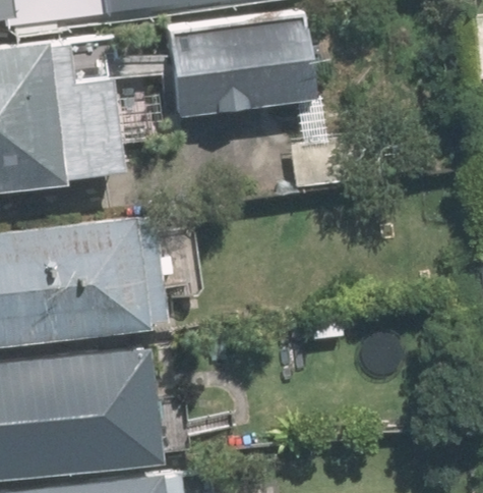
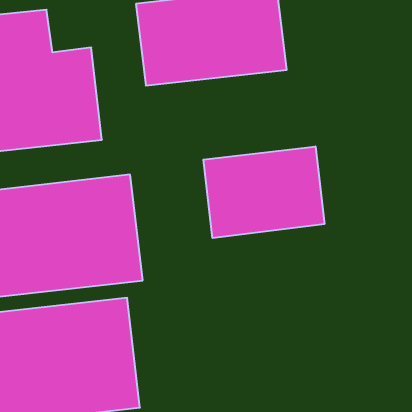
building: none -> [203,146,324,238]

